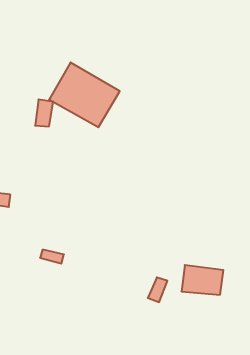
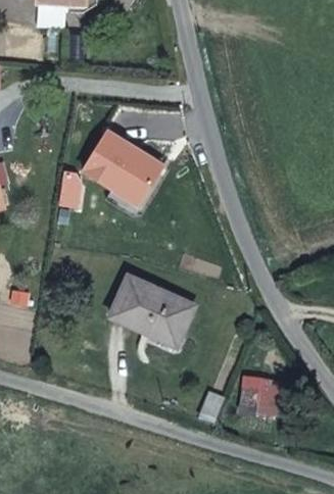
building: none -> [109,278,191,346]

